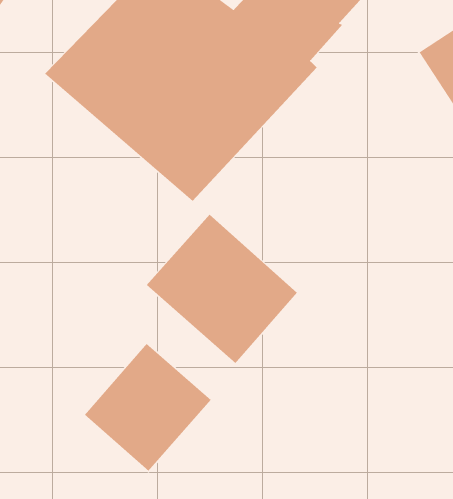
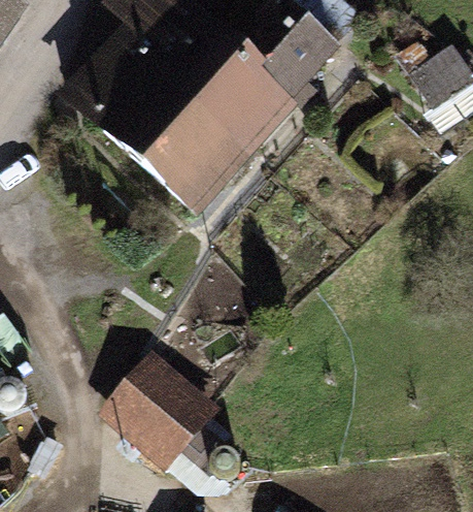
building: [146,214,298,364] -> none

